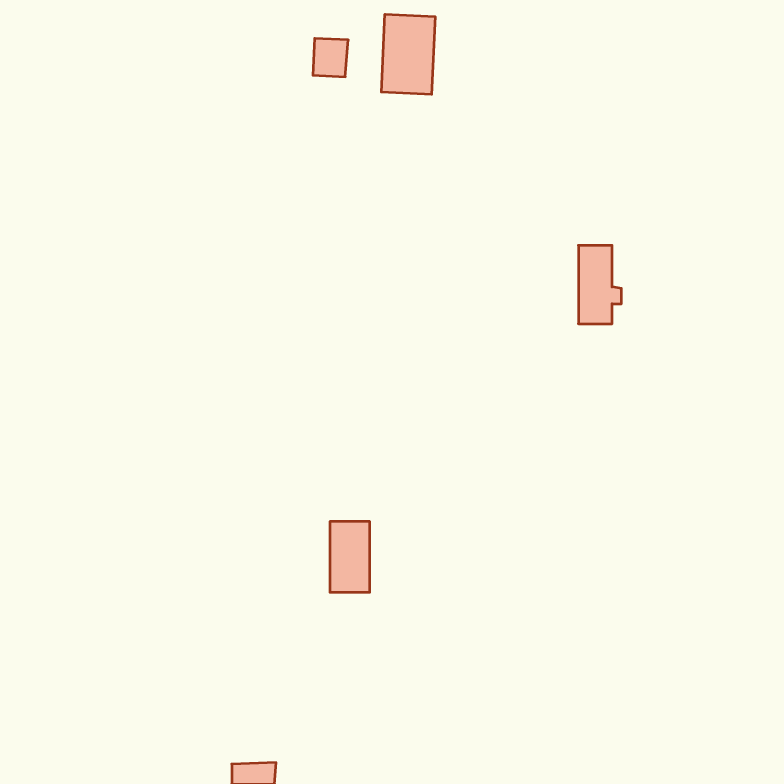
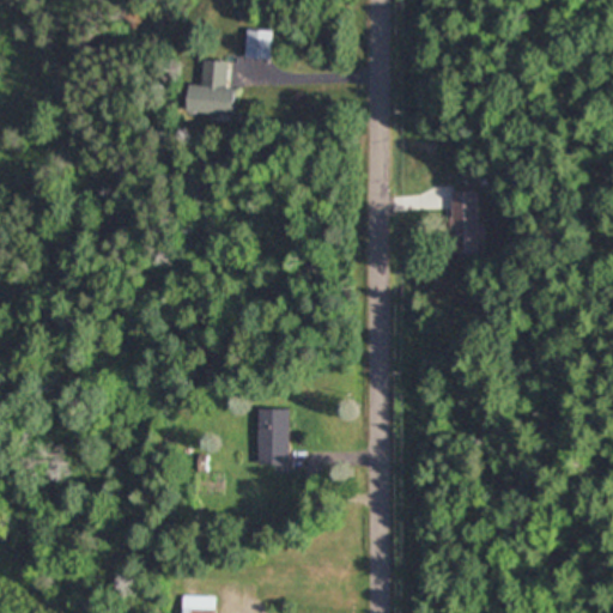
building: [381,14,435,94] -> none
building: none -> [187,61,235,114]

